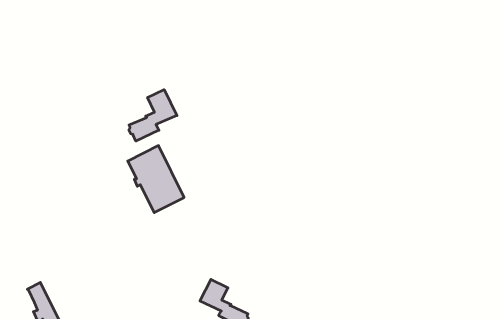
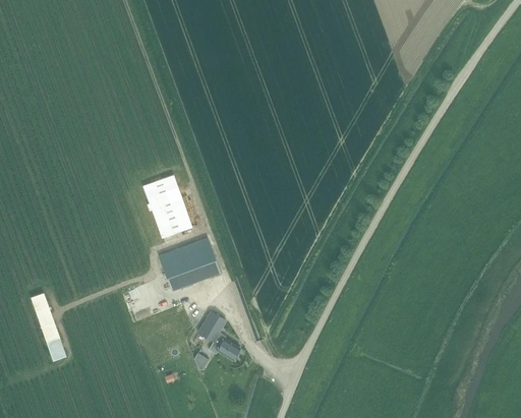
building: [129,90,177,141] -> none
building: none -> [159,238,221,292]

